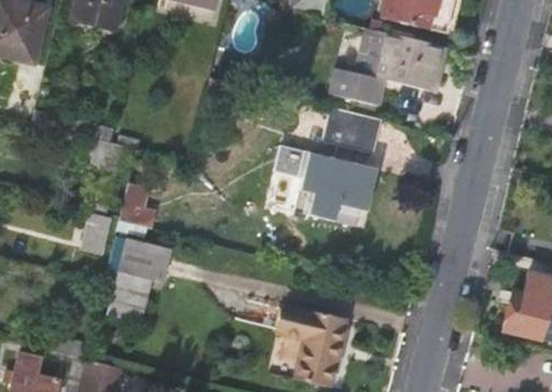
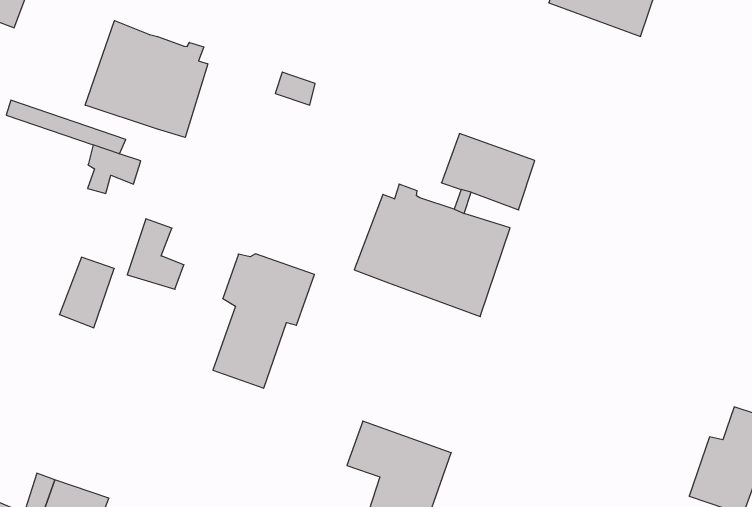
building: [331,27,448,104] -> none
building: none -> [85,21,208,137]
building: [108,237,168,324] -> [213,254,314,388]

